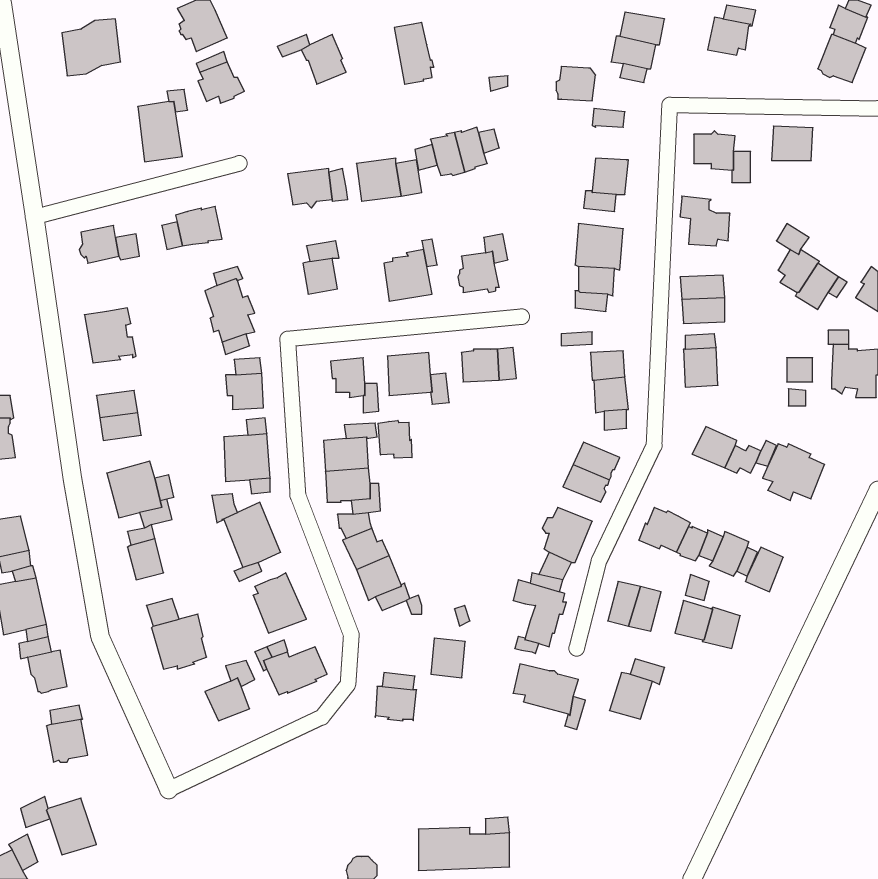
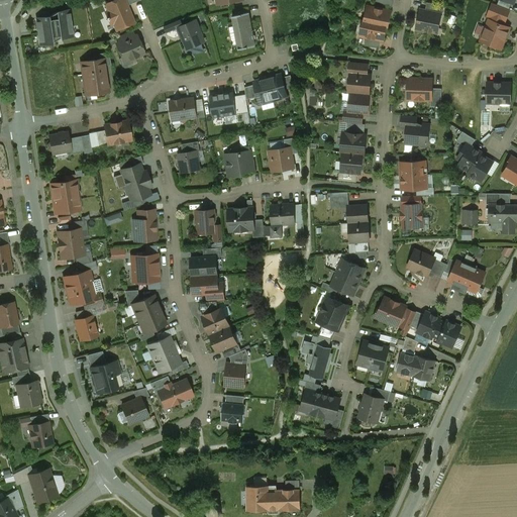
building: [556,66,596,101] -> [346,74,370,94]
building: [772,126,813,161] -> [486,83,510,103]
building: [378,420,412,458] -> none
building: [431,638,465,678] -> [224,364,244,387]

